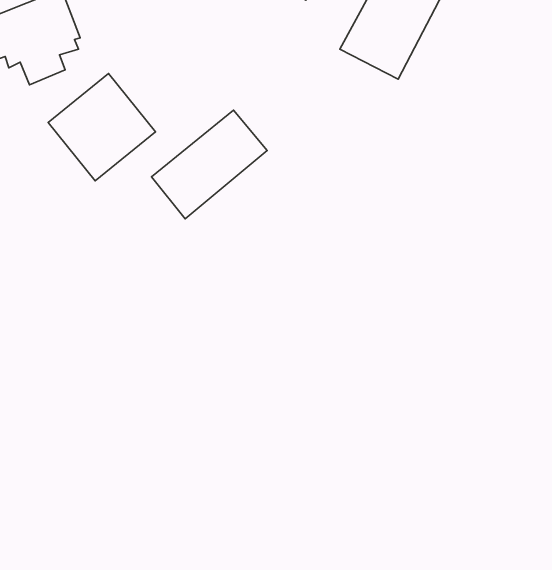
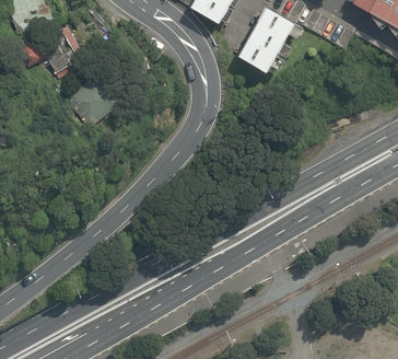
building: [152,110,267,219] -> none

